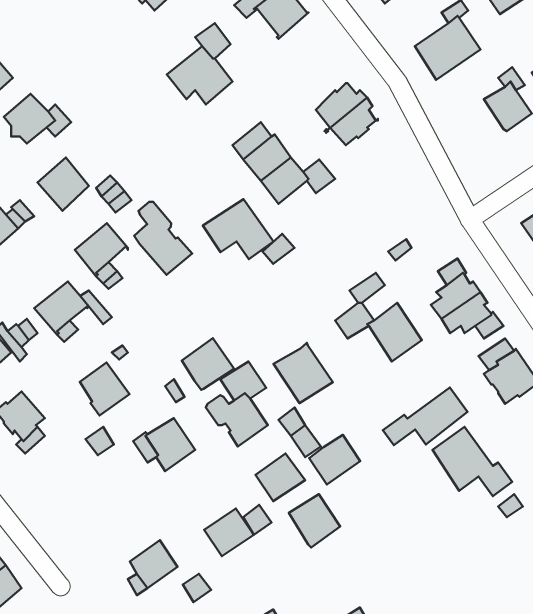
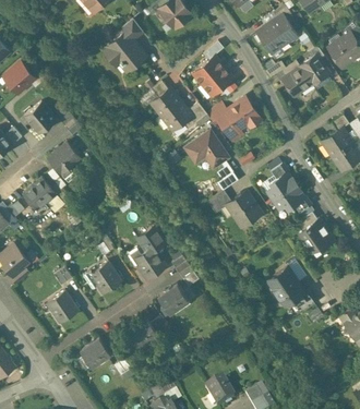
building: none -> [281,61,311,96]
building: none -> [217,99,259,135]
building: [203,199,274,259] -> [184,131,228,168]
building: [134,202,192,275] -> none
building: [182,338,234,390] -> none
building: [273,343,333,403] -> none
building: [80,362,129,416] -> [48,290,79,323]
building: [383,388,468,445] -> none
building: [309,435,360,485] -> none
building: [289,494,340,547] -> none

